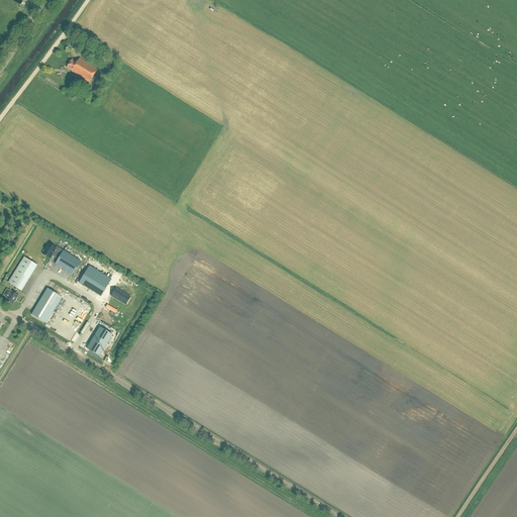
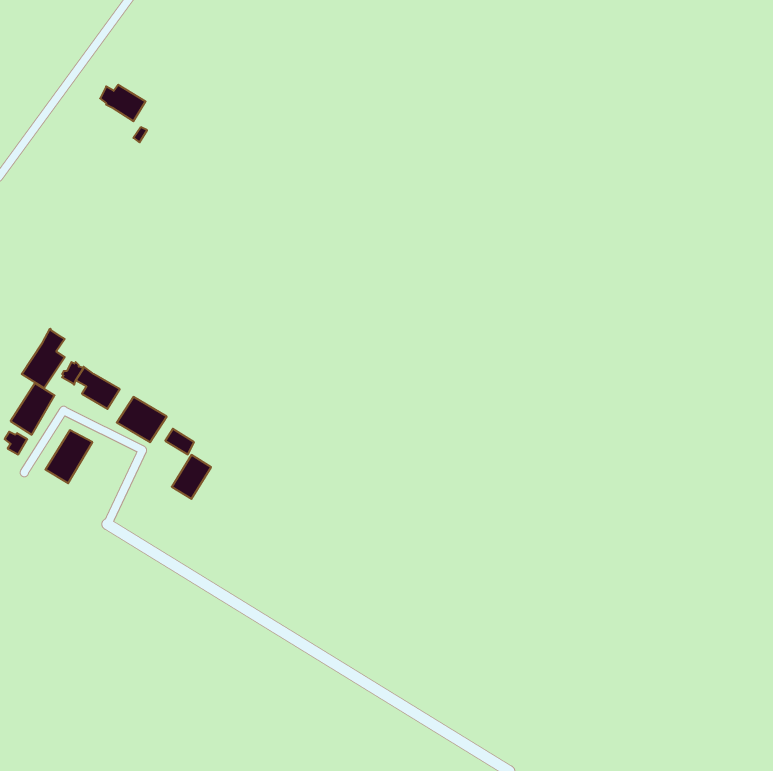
building: none -> [22,329,65,388]
building: [86,325,112,354] -> [172,455,211,499]

